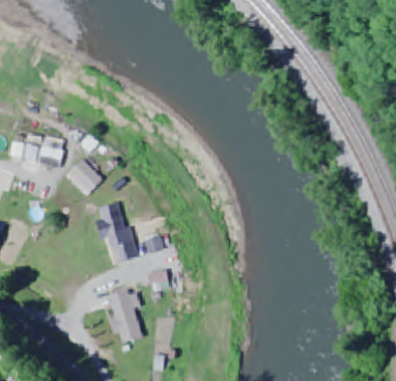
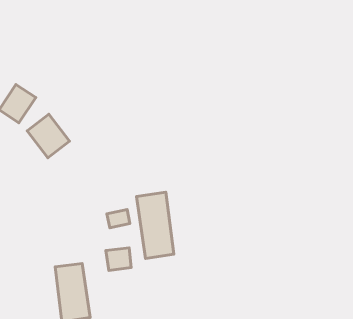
building: [96,201,137,264] -> [136,192,174,258]

